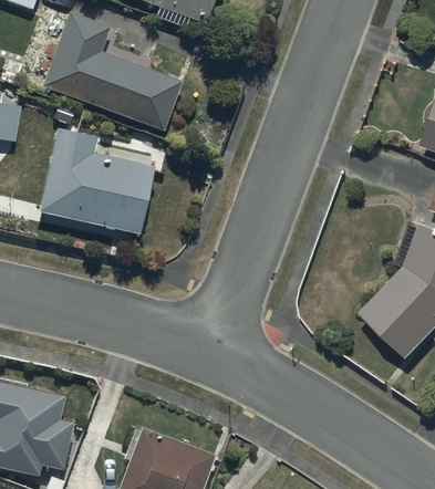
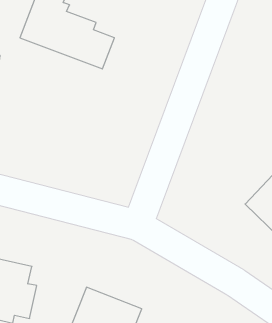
building: [39,131,153,232] -> none

